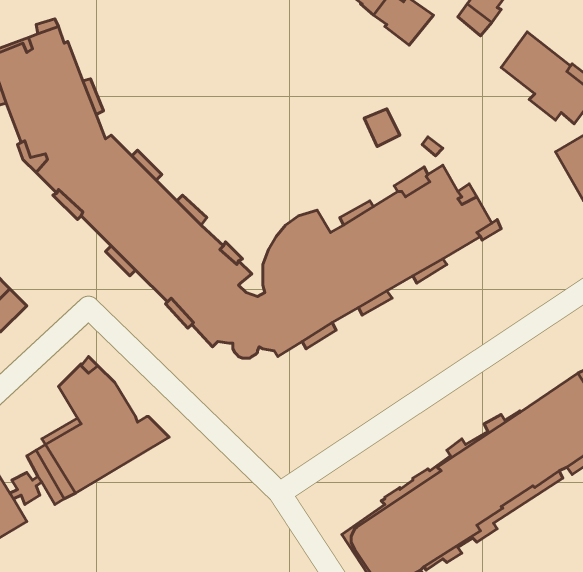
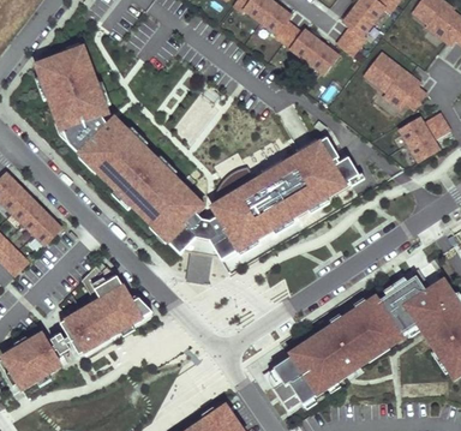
building: none -> [306,42,337,74]
building: none -> [186,252,212,285]

